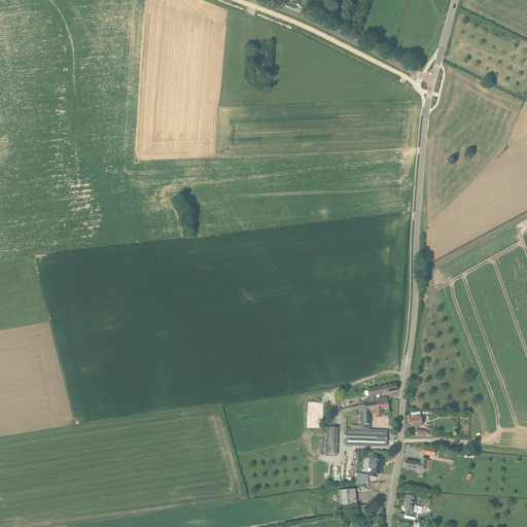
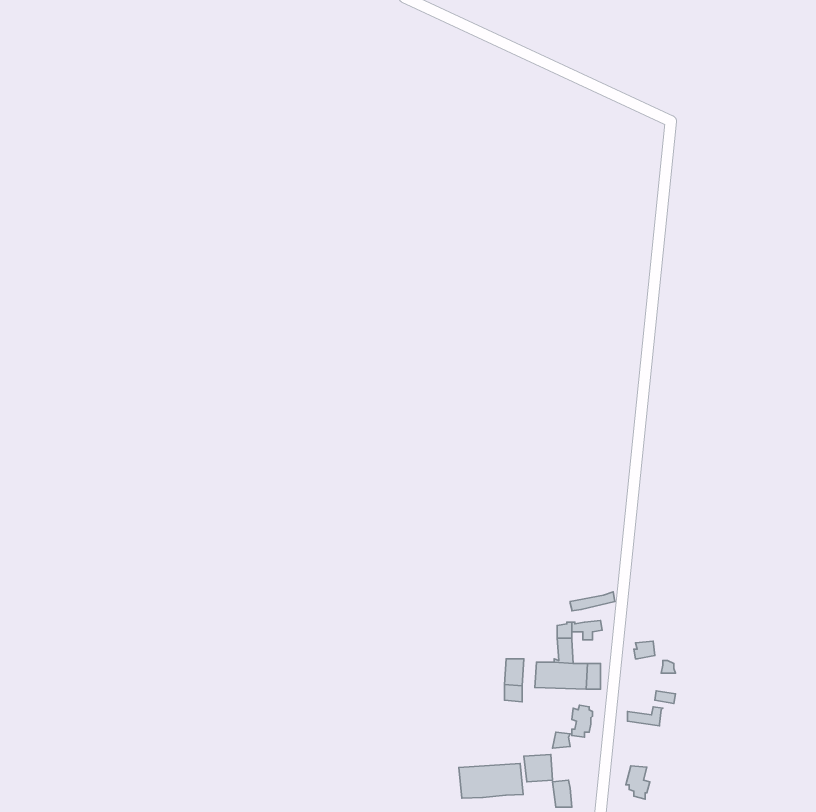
building: none -> [459,764,523,798]

